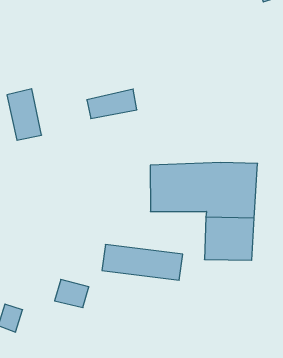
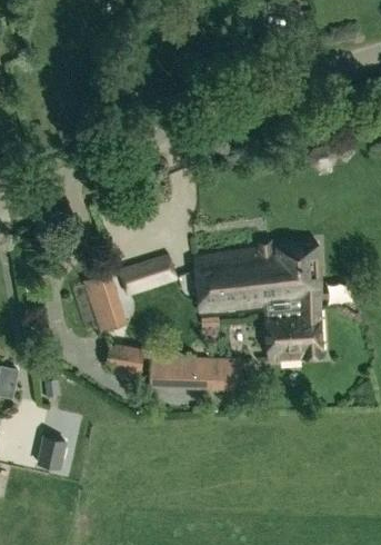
building: [7,89,42,140] -> [82,271,127,333]
building: [87,89,137,119] -> [117,254,176,293]
building: [55,279,89,308] -> [106,343,143,373]

